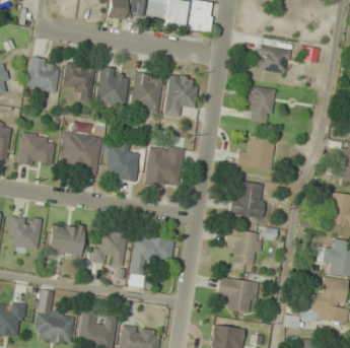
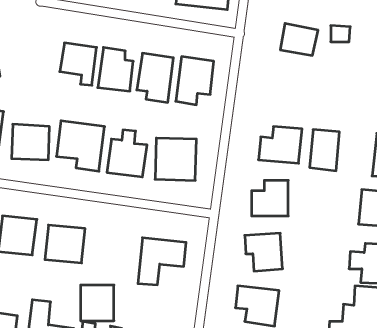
building: [27,57,58,91] -> none
building: [248,86,274,123] -> [310,130,339,171]
building: [95,232,125,264] -> [81,285,114,321]

